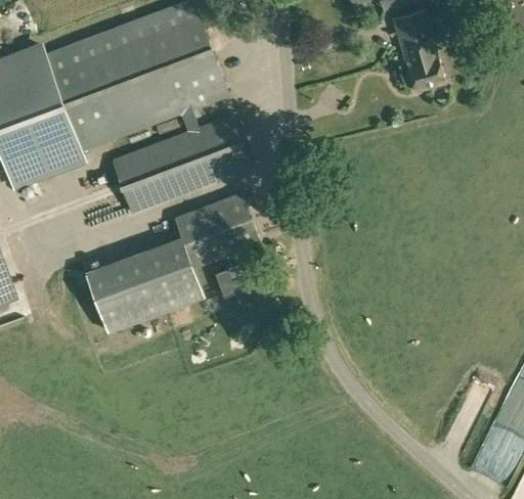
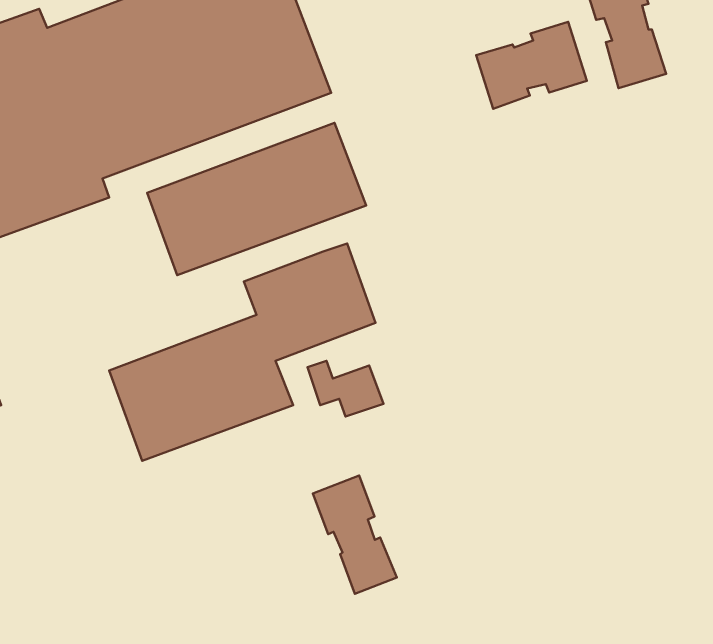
building: none -> [476,22,587,109]
building: none -> [313,475,397,594]

